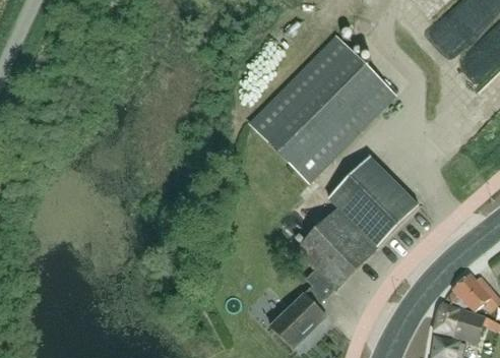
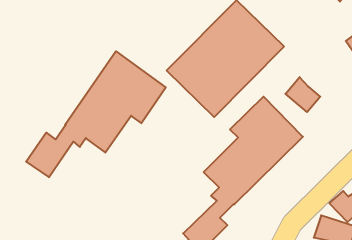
building: none -> [26,51,166,177]
building: none -> [285,77,320,112]

